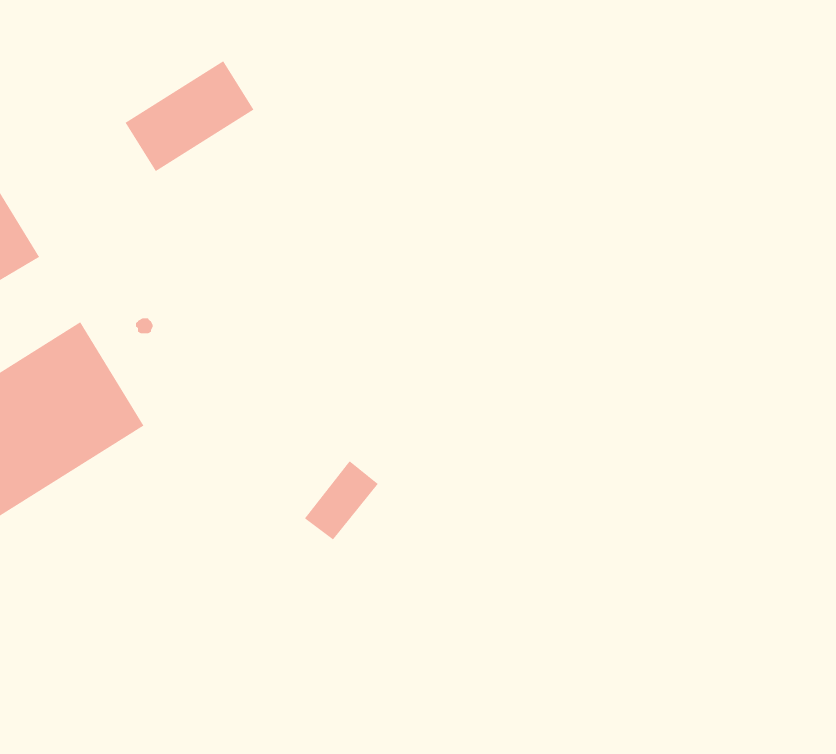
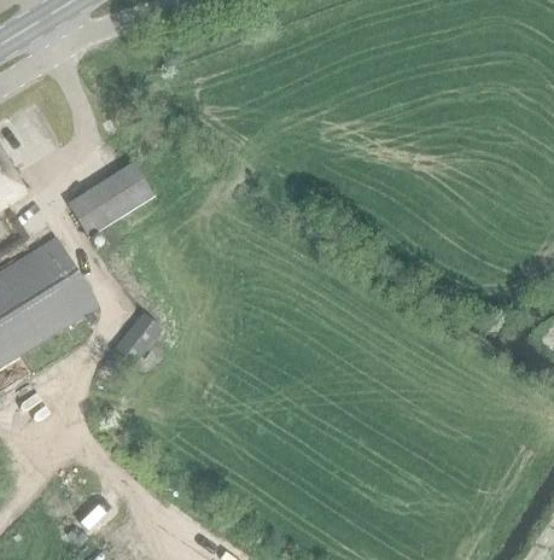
building: [124,60,255,172] -> [66,162,152,235]
building: [304,460,379,541] -> [112,311,162,364]

